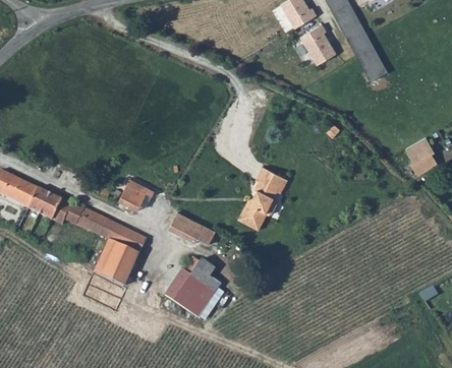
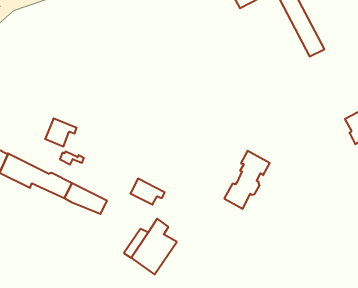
building: [298,23,334,64] -> none
building: [234,168,284,231] -> [224,151,270,209]
building: [121,180,156,210] -> [45,118,77,146]
building: [94,239,139,285] -> none

